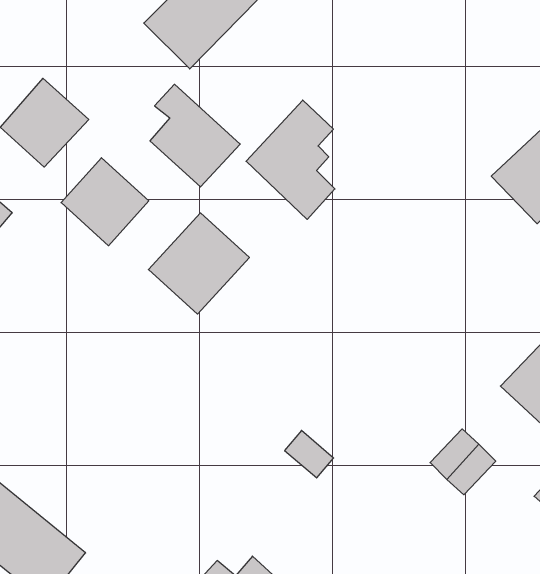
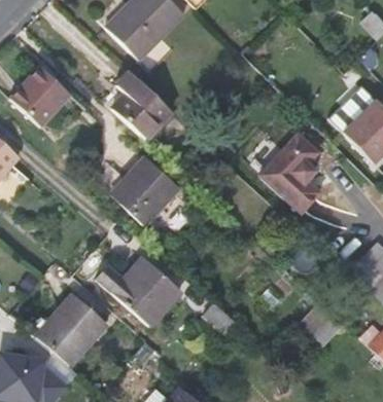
building: [246,100,335,219] -> [260,133,320,213]
building: [61,158,149,246] -> none
building: none -> [99,261,181,326]
building: none -> [37,294,107,366]

